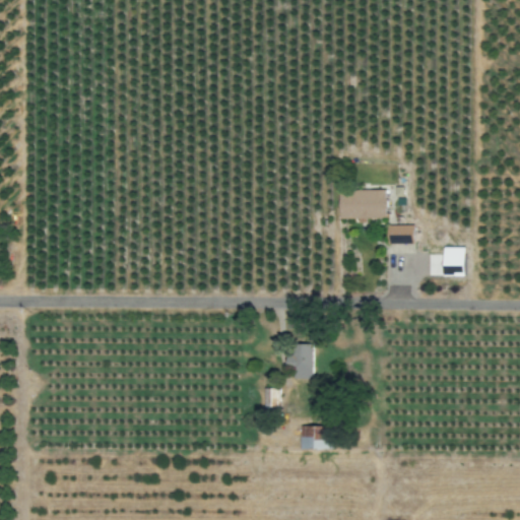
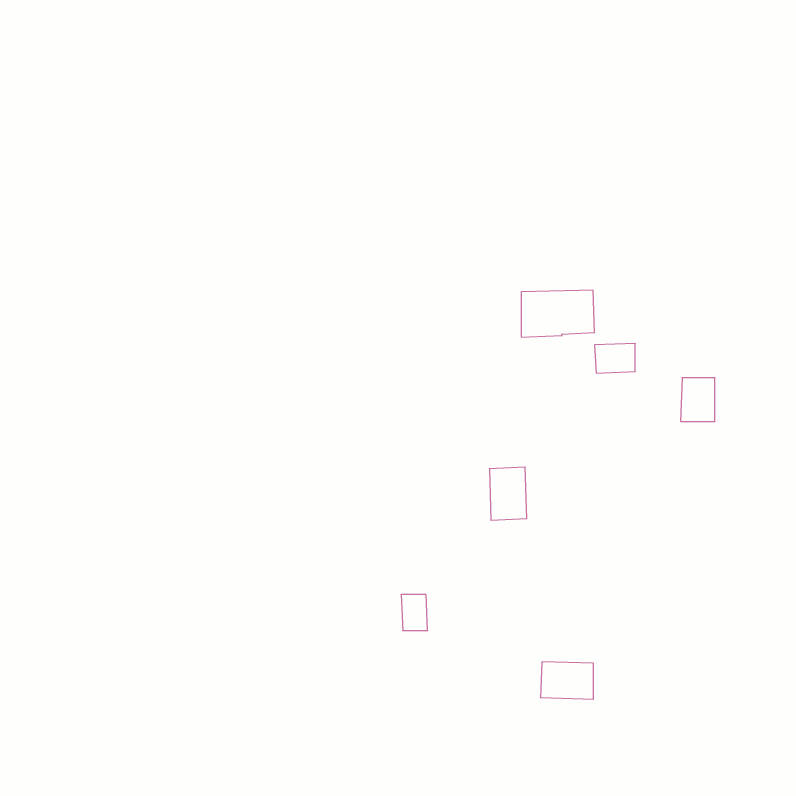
building: [288,343,313,378] -> [489,467,527,520]
building: [298,425,332,449] -> [540,662,593,699]

